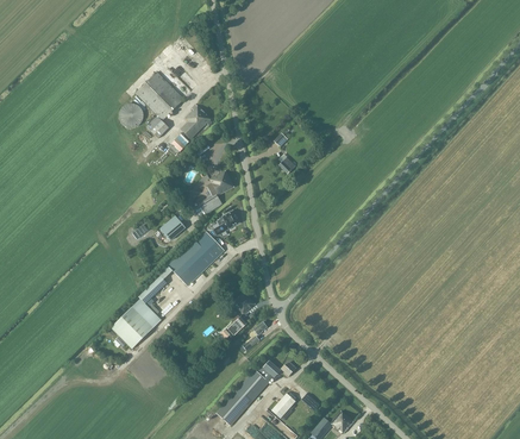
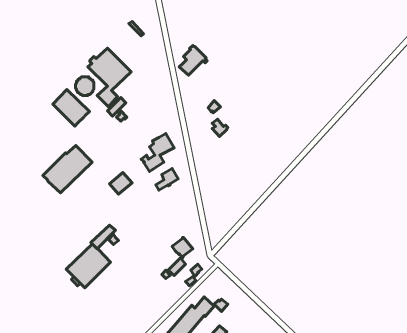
building: [180,105,212,139] -> [179,45,207,75]
building: none -> [53,90,89,126]
building: [168,231,225,286] -> [43,146,92,193]

